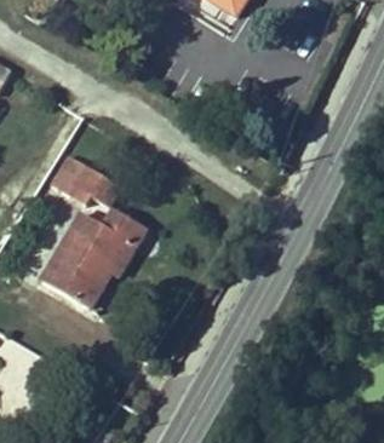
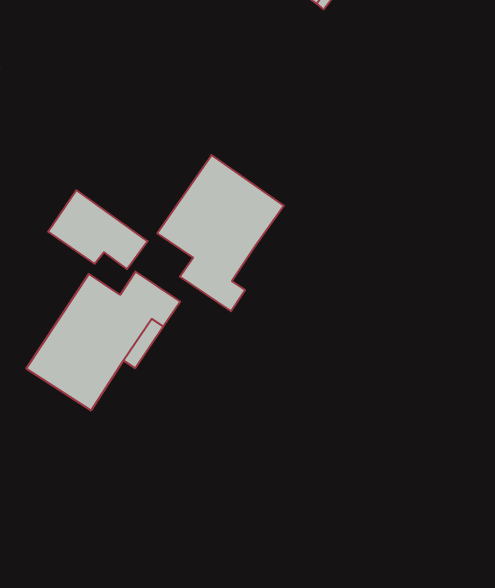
building: none -> [157,155,284,311]

